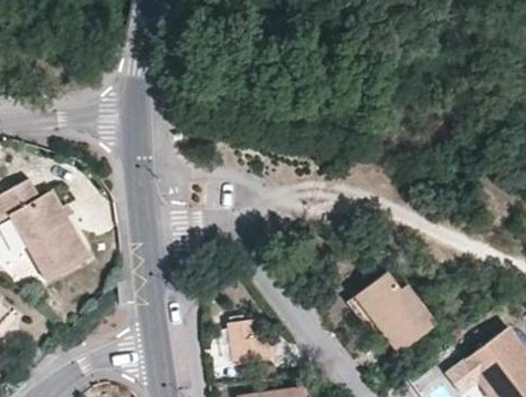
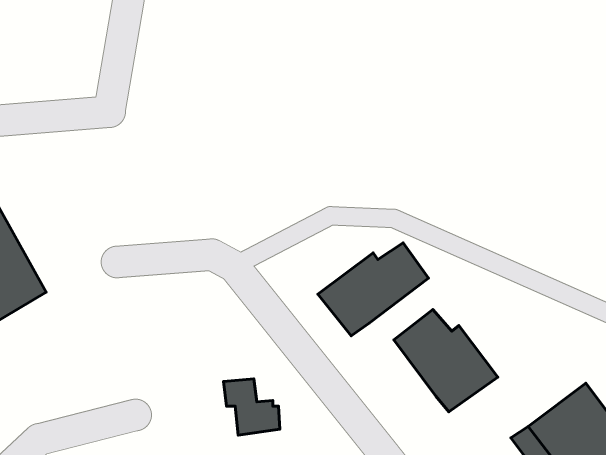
building: none -> [318,243,429,336]

